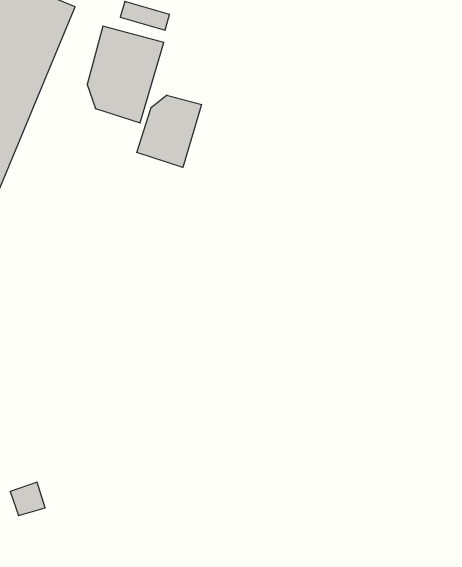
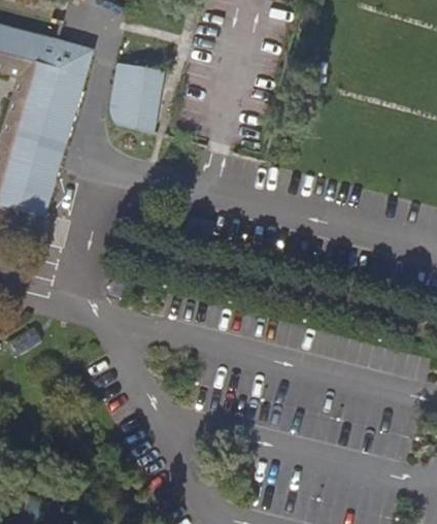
building: [137,95,202,167] -> none

